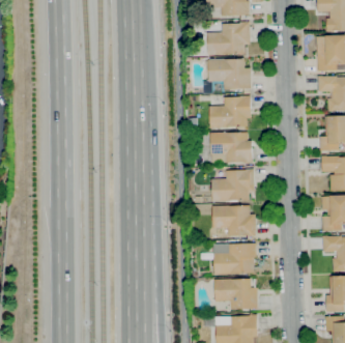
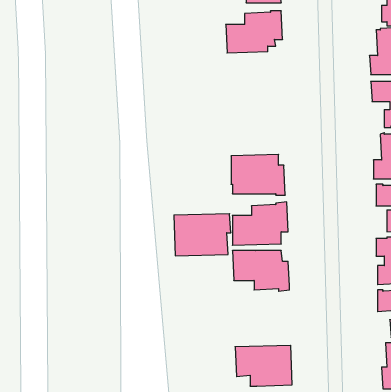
building: [203,59,251,94] -> none
building: [209,96,251,128] -> none
building: [212,244,256,276] -> [174,214,231,256]

